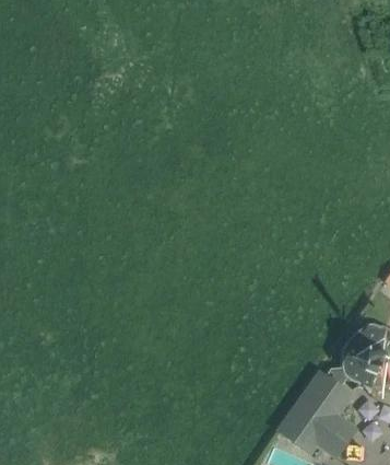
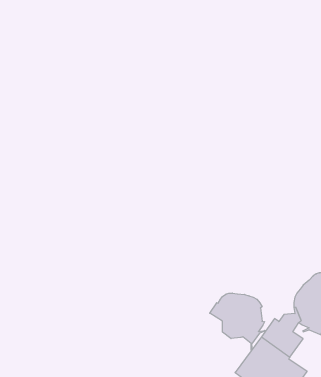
building: none -> [210,293,265,350]

